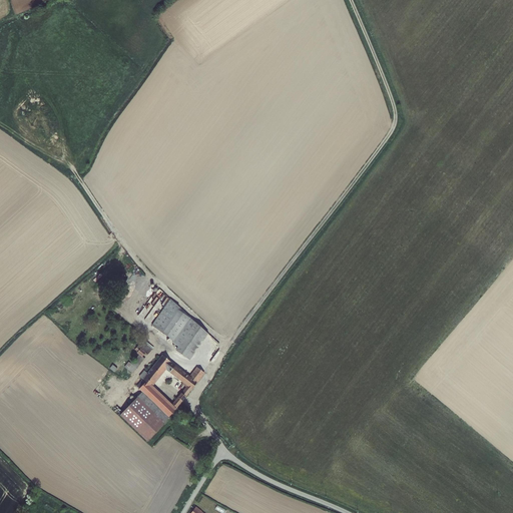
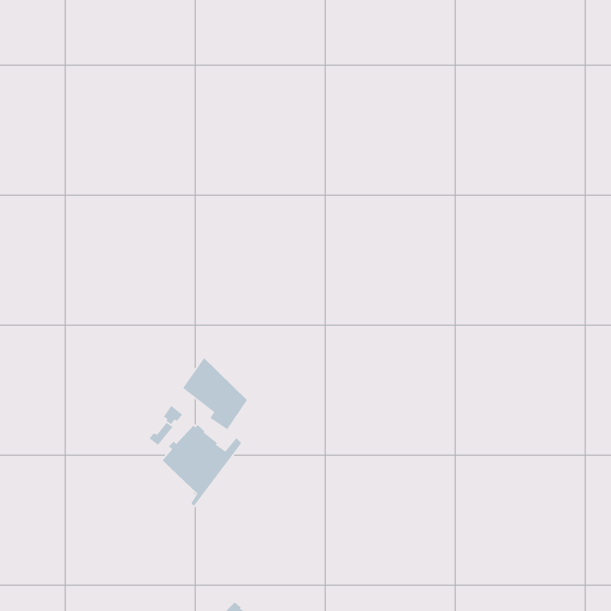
building: [121,393,165,442] -> none

